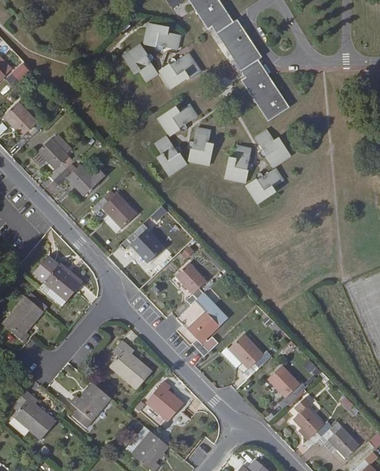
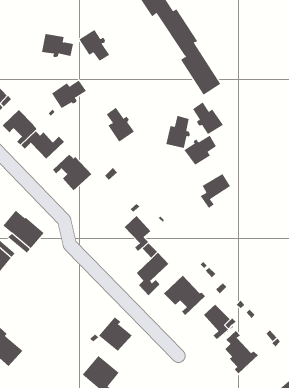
building: [143,22,181,50] -> [41,33,74,57]
building: [158,52,197,89] -> none
building: [157,102,199,136] -> [51,80,87,109]
building: [188,126,214,165] -> none
building: none -> [200,173,231,209]
building: [121,221,163,261] -> none
building: [109,339,153,389] -> none
building: [70,381,112,427] -> none
building: [317,421,360,458] -> none

